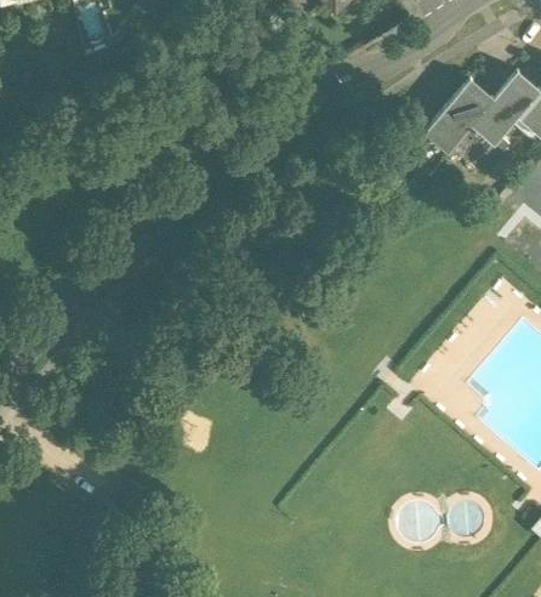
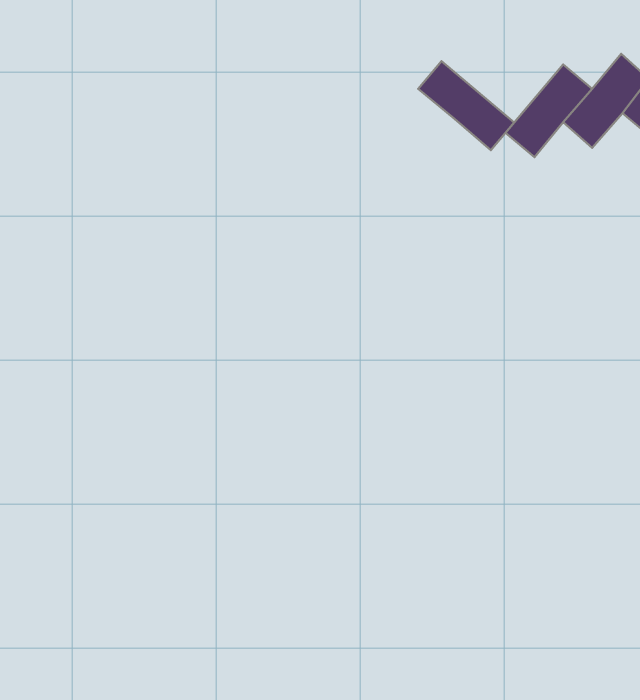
building: none -> [418,61,514,150]

